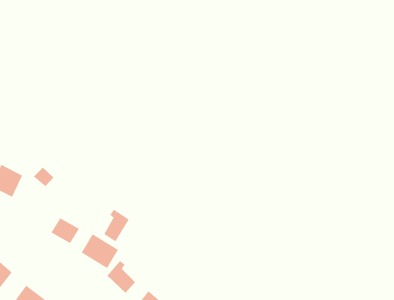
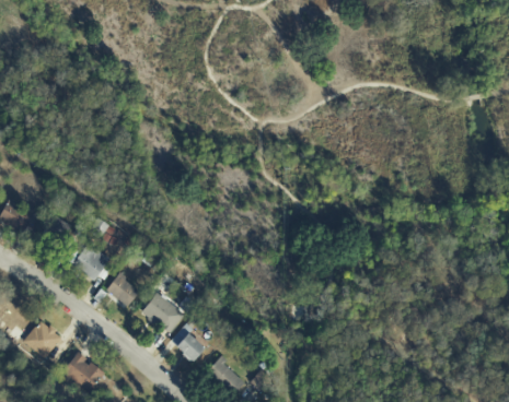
building: none -> [72,244,112,284]
building: [103,209,129,242] -> none

